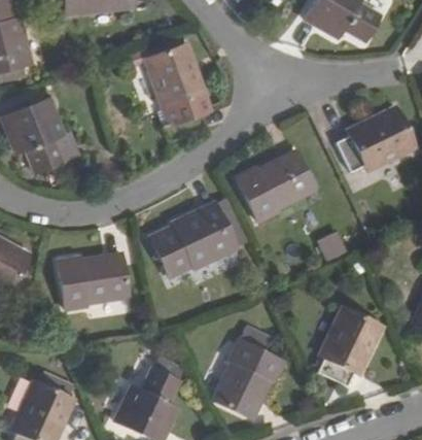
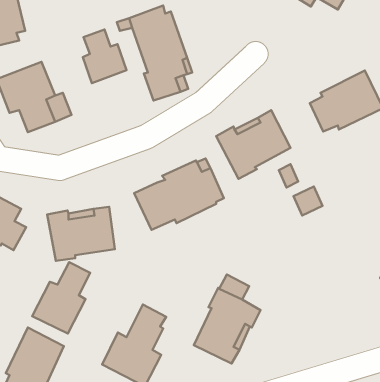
building: none -> [83,30,127,83]
building: [317,307,381,386] -> none
building: none -> [32,262,90,334]

